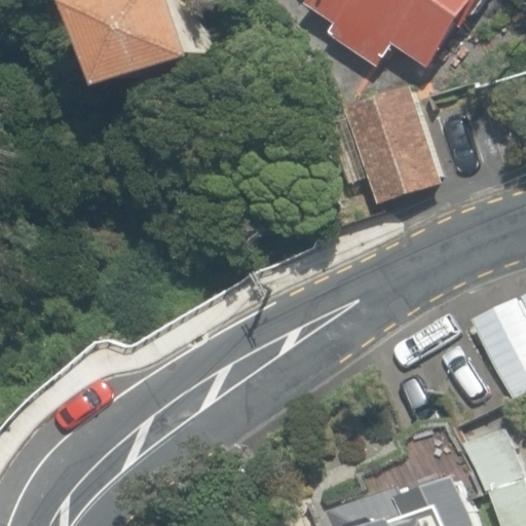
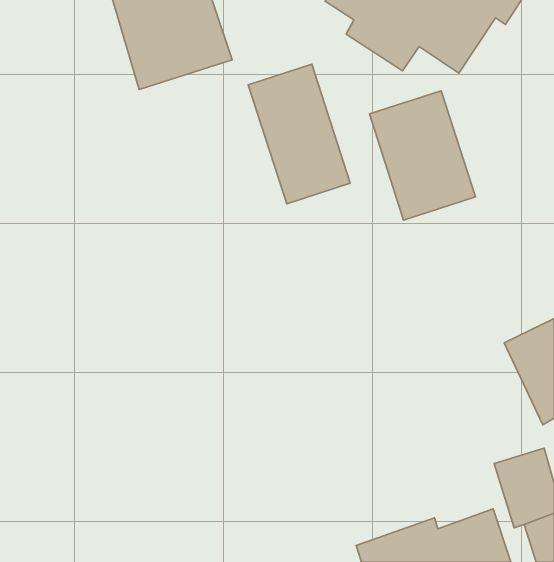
building: none -> [248,64,350,204]

